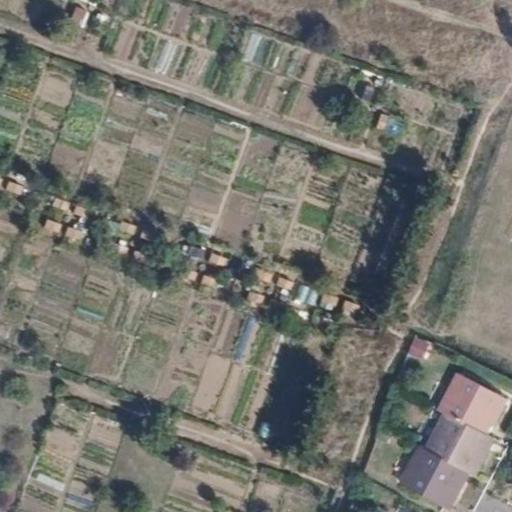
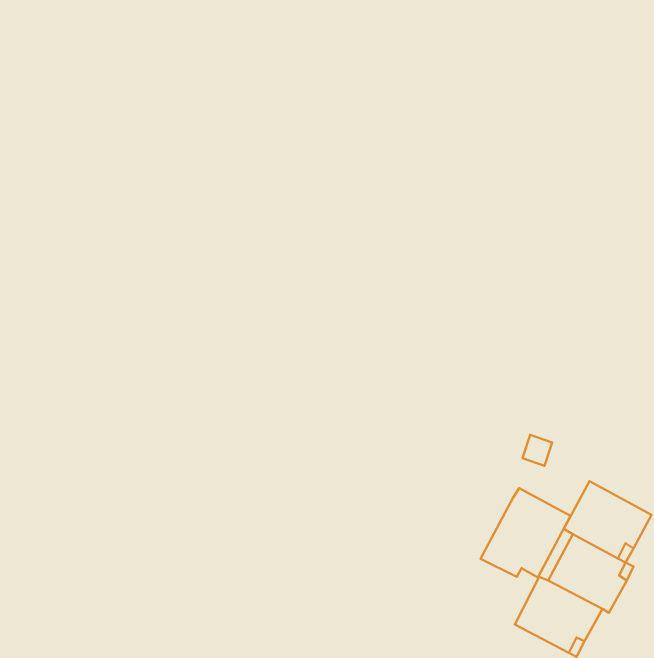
building: none -> [481,488,571,577]

